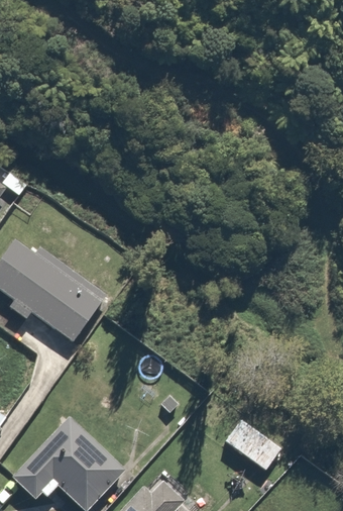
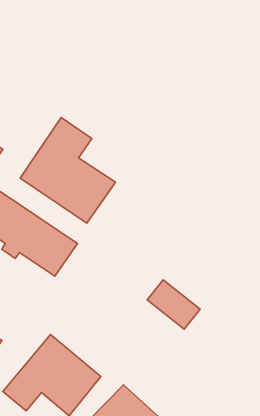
building: none -> [20,117,115,223]
building: [221,413,284,473] -> [147,280,200,329]

